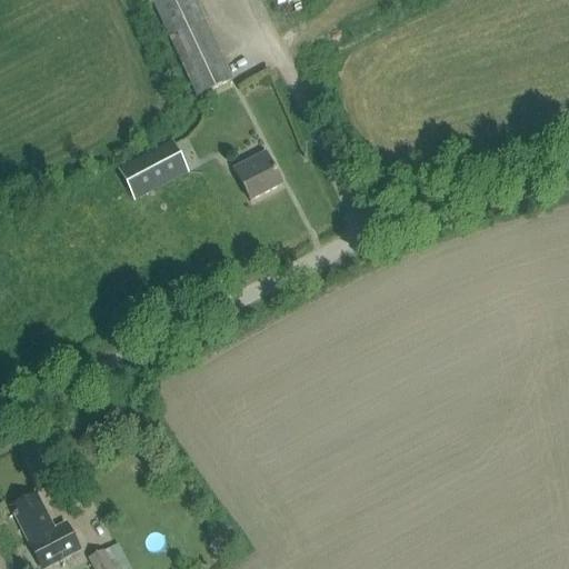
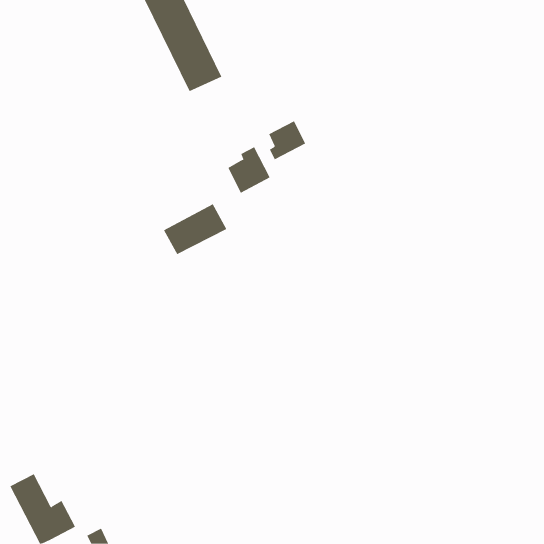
building: none -> [269,120,306,160]
building: [121,143,188,197] -> [163,204,227,255]

